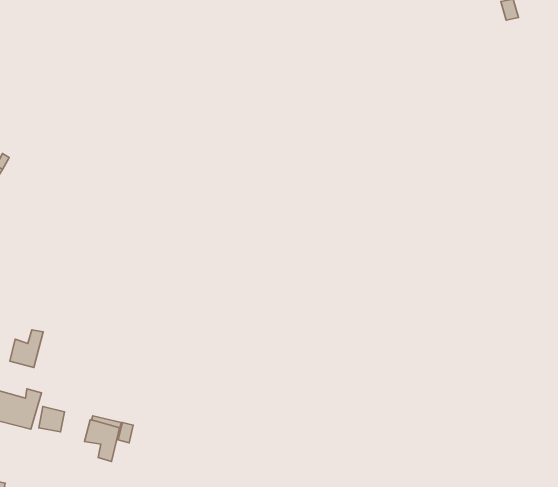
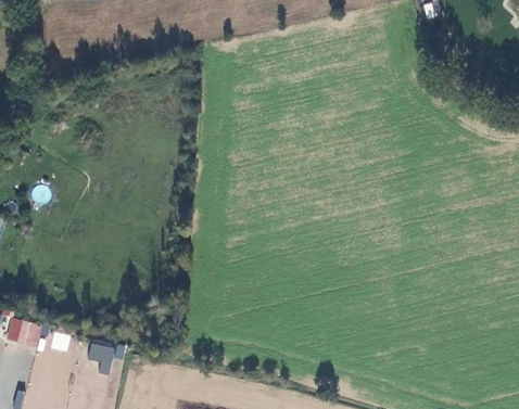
building: [10,330,43,367] -> none

